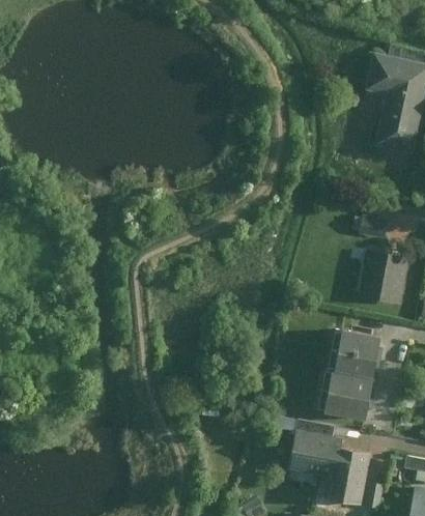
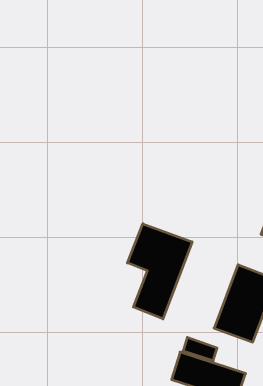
building: none -> [127,224,192,319]

